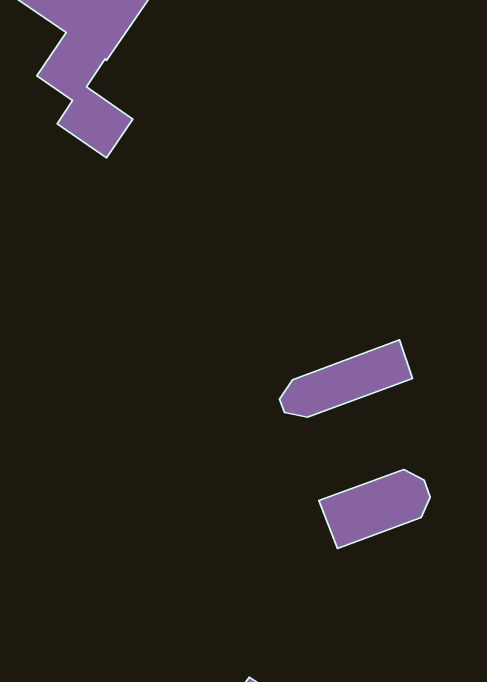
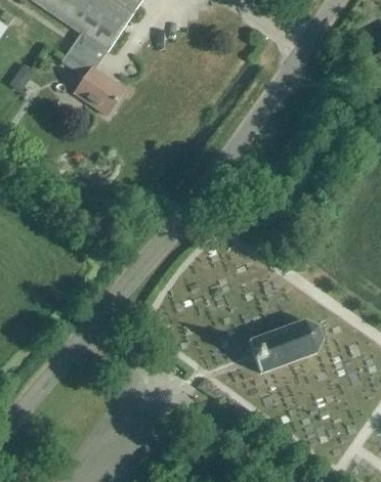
building: [279,340,413,417] -> none

